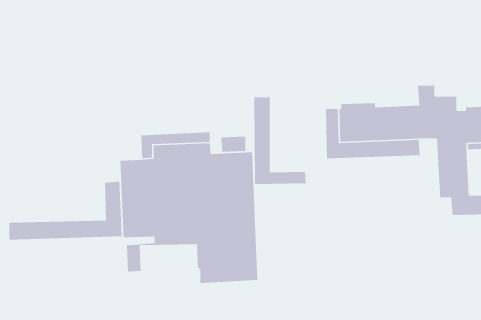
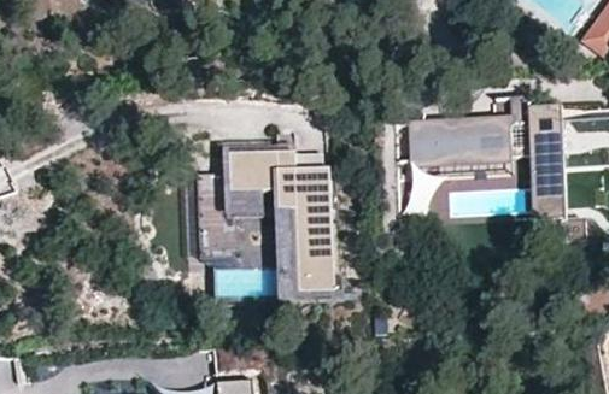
building: [254,96,306,185] -> none
building: [8,181,123,240] -> none

